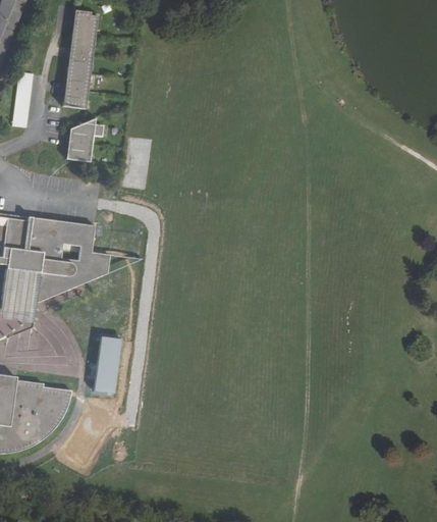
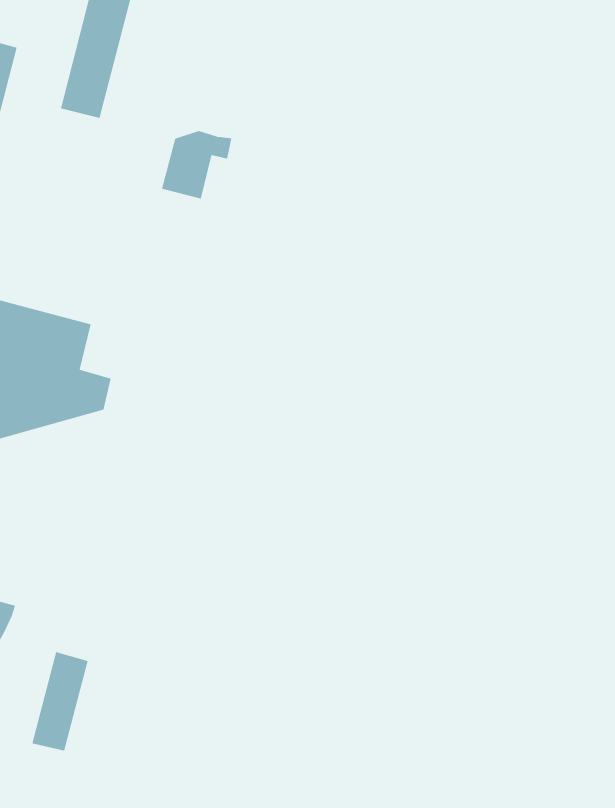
building: [65,122,102,161] -> [161,131,232,199]
building: [93,336,119,393] -> [32,651,88,751]

